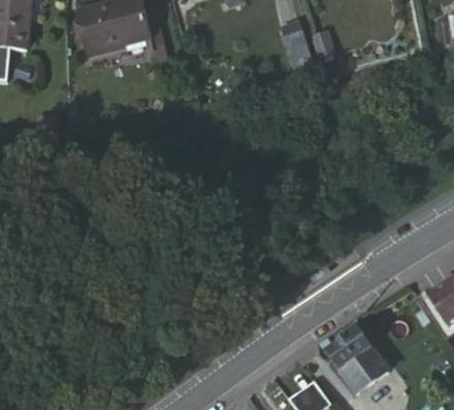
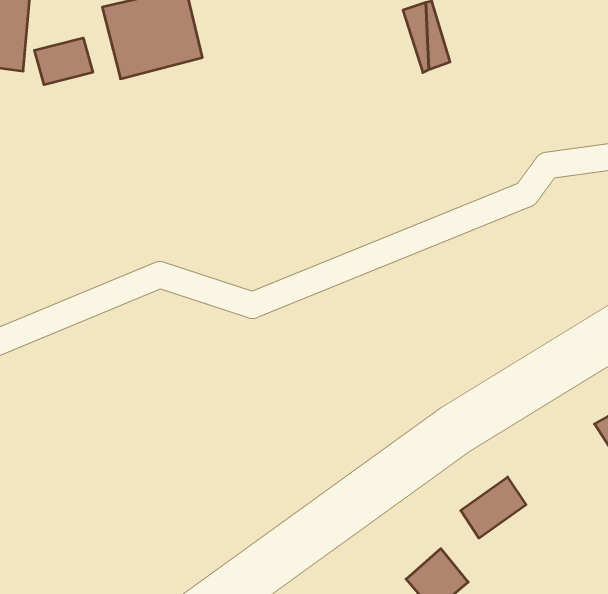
building: none -> [34,38,93,85]
building: [337,348,387,397] -> none

